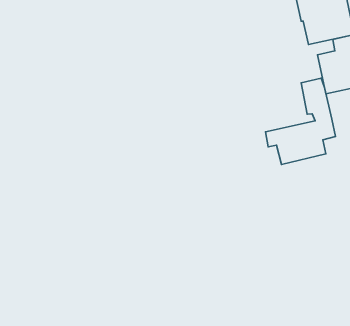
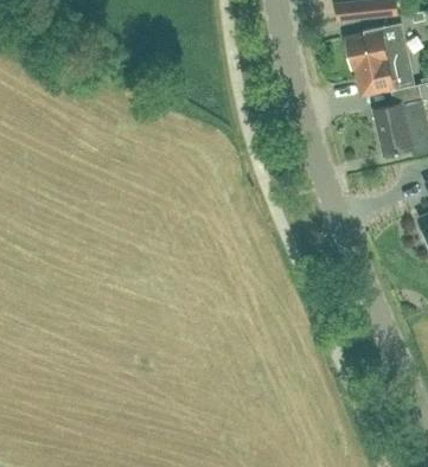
building: [266,78,335,165] -> none

